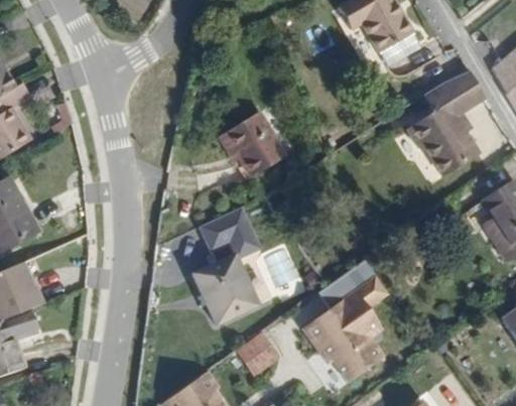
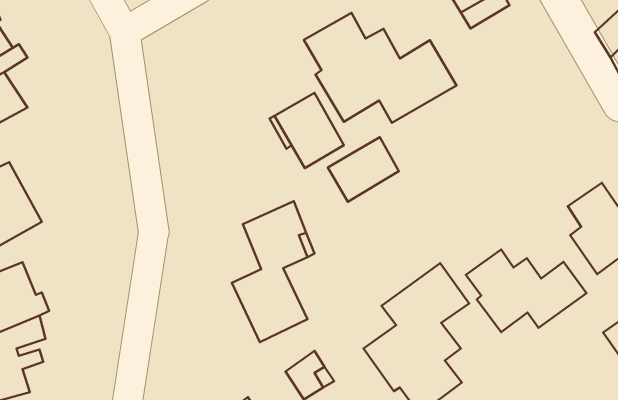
building: none -> [304,13,456,123]
building: [406,67,486,174] -> none
building: none -> [328,137,399,202]
building: none -> [466,249,586,332]

